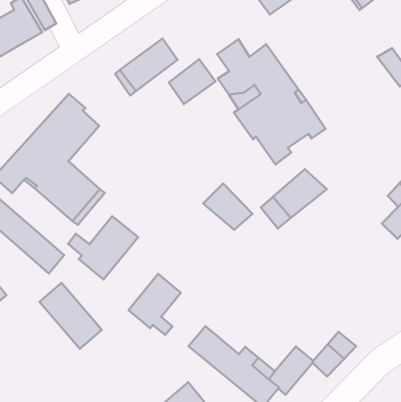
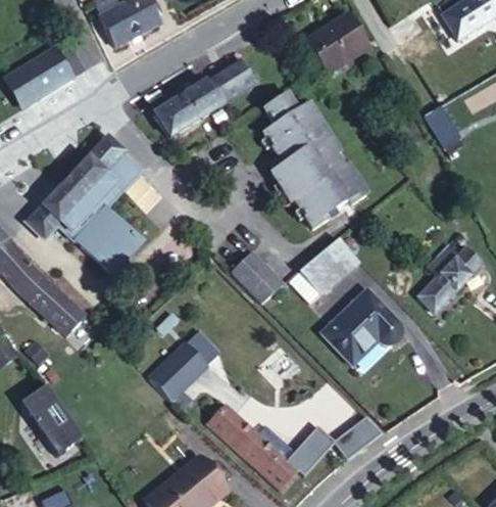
building: [169,59,215,104] -> [204,68,253,114]
building: none -> [316,285,399,361]
building: [68,216,138,279] -> none
building: [40,283,102,349] -> [27,379,90,450]

